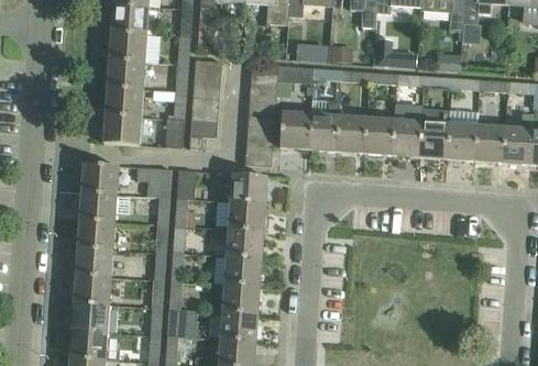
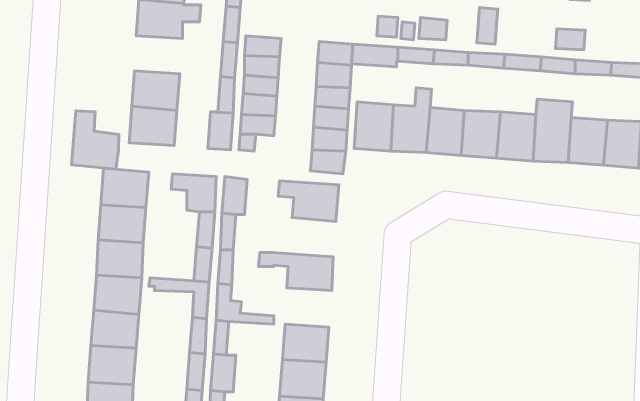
building: [108,58,145,88] -> none
building: none -> [72,111,119,169]
building: [229,200,265,231] -> none
building: [226,255,262,286] -> none

